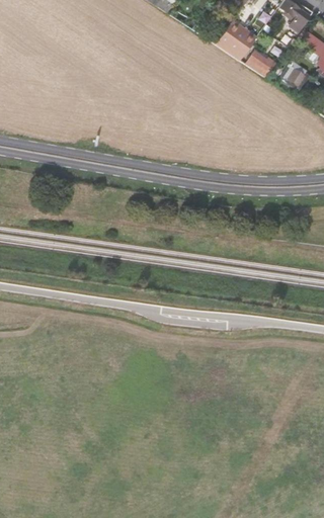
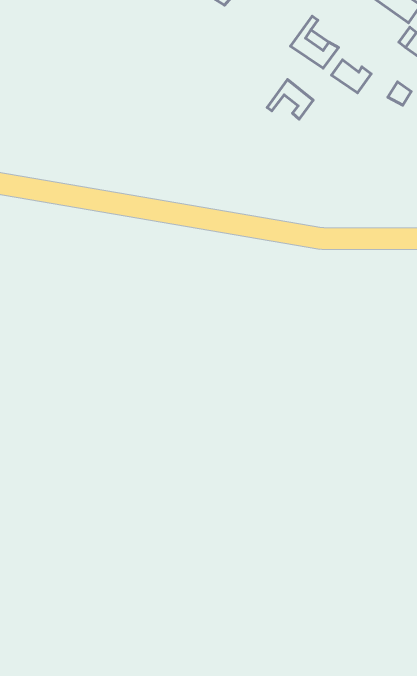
building: none -> [267,80,313,119]

